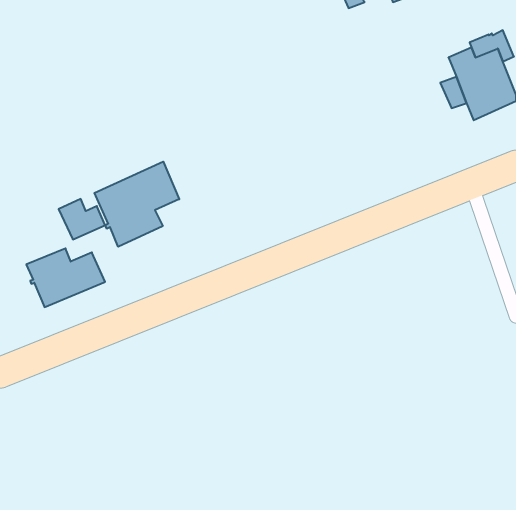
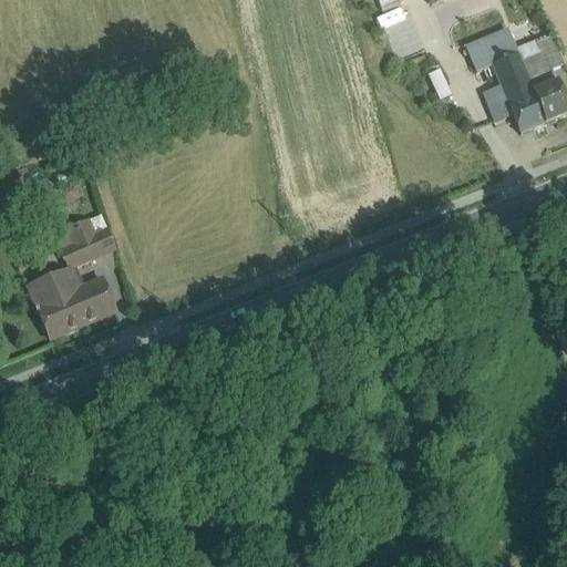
building: none -> [465,27,517,70]
building: [94,162,179,247] -> none

